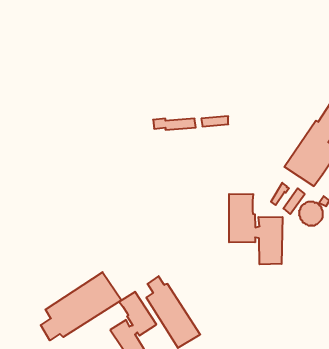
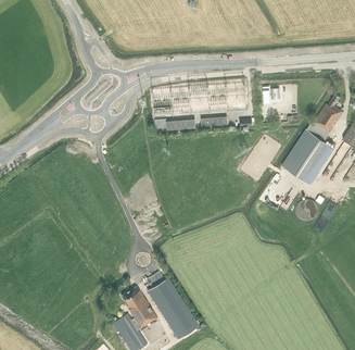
building: [229,194,282,264] -> none
building: [41,272,122,340] -> none

